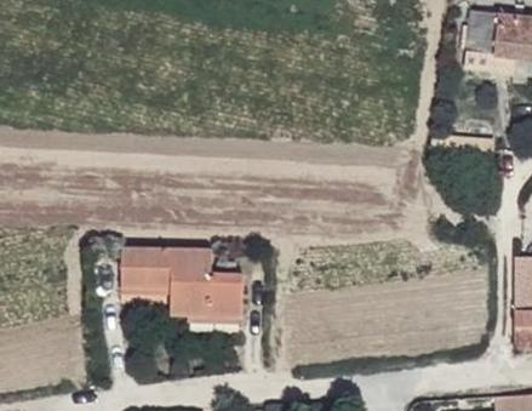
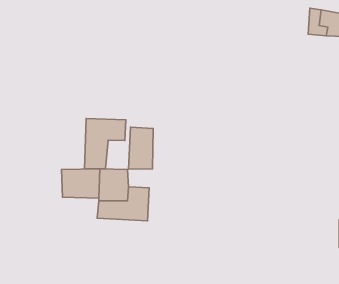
building: none -> [85,119,126,169]
building: none -> [128,127,153,169]

